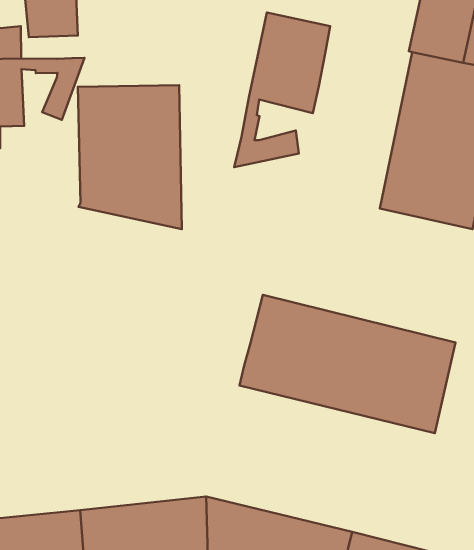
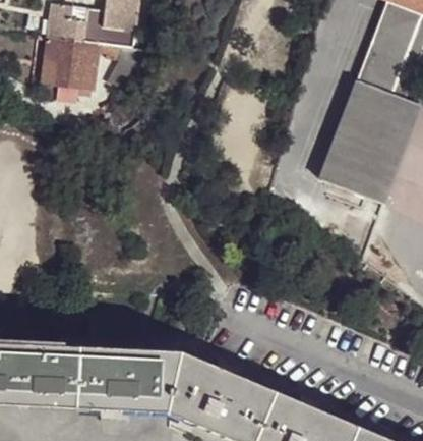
building: [234,13,330,167] -> none
building: [78,85,182,229] -> none
building: [239,295,456,433] -> none

